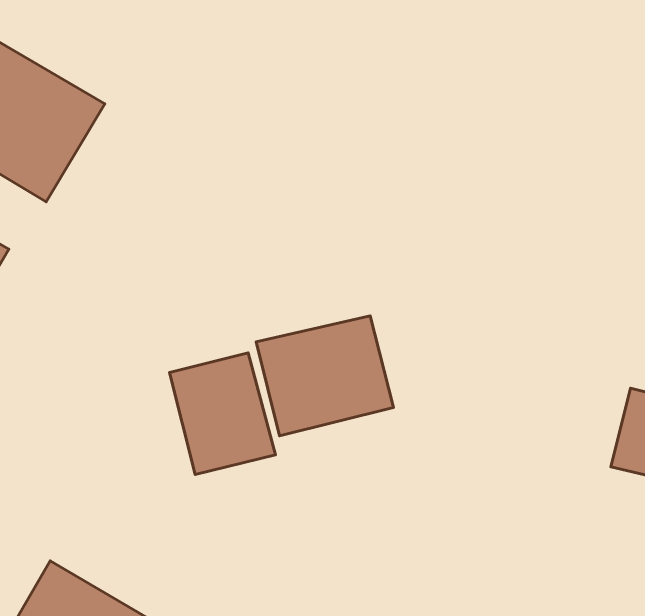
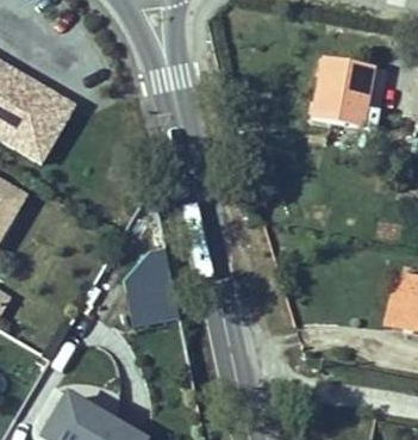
building: none -> [317,61,383,129]
building: [256,316,393,436] -> none

